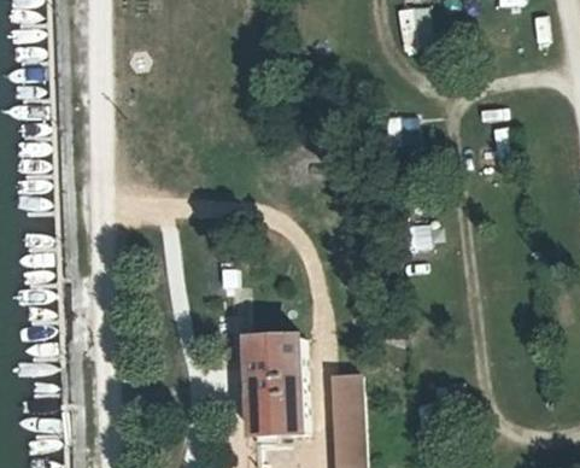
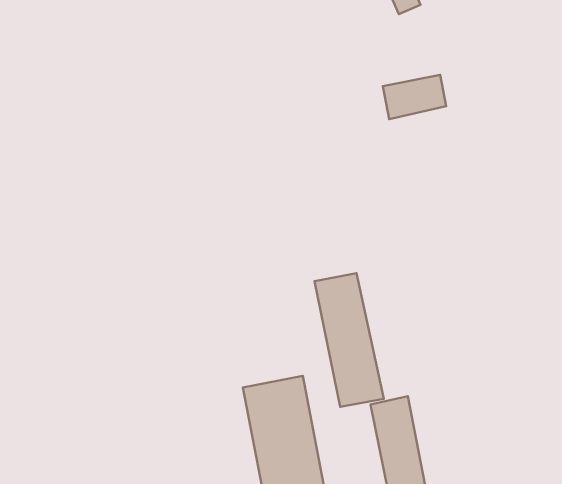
building: none -> [314,273,384,407]

